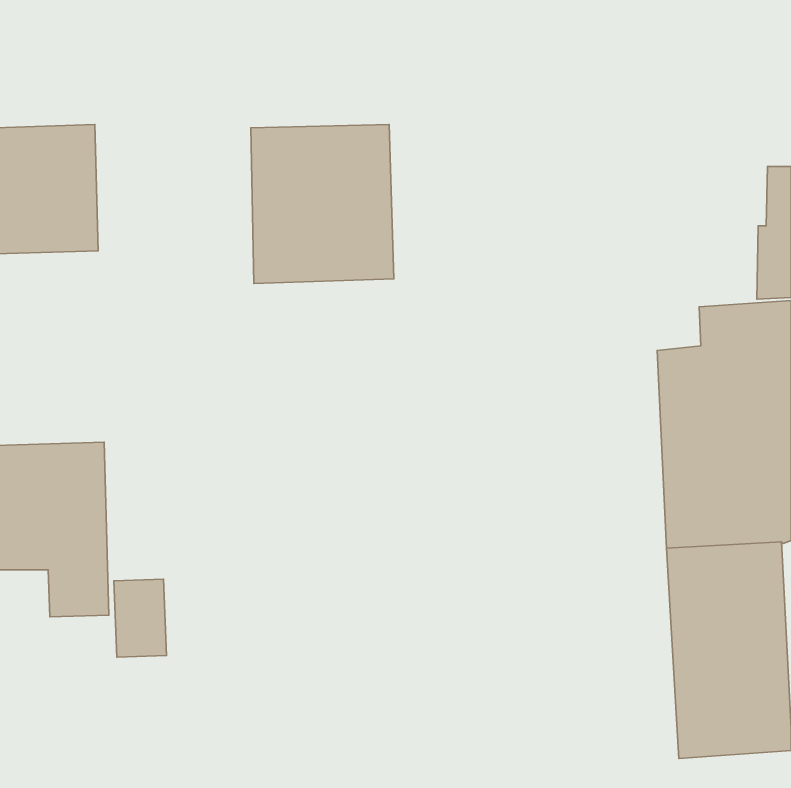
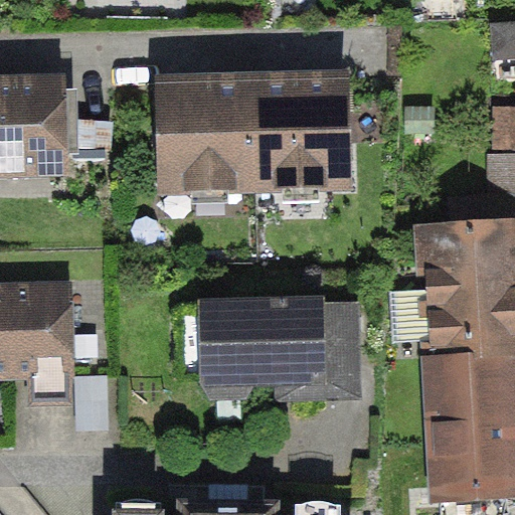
building: none -> [251,77,345,180]
building: none -> [212,299,373,399]

